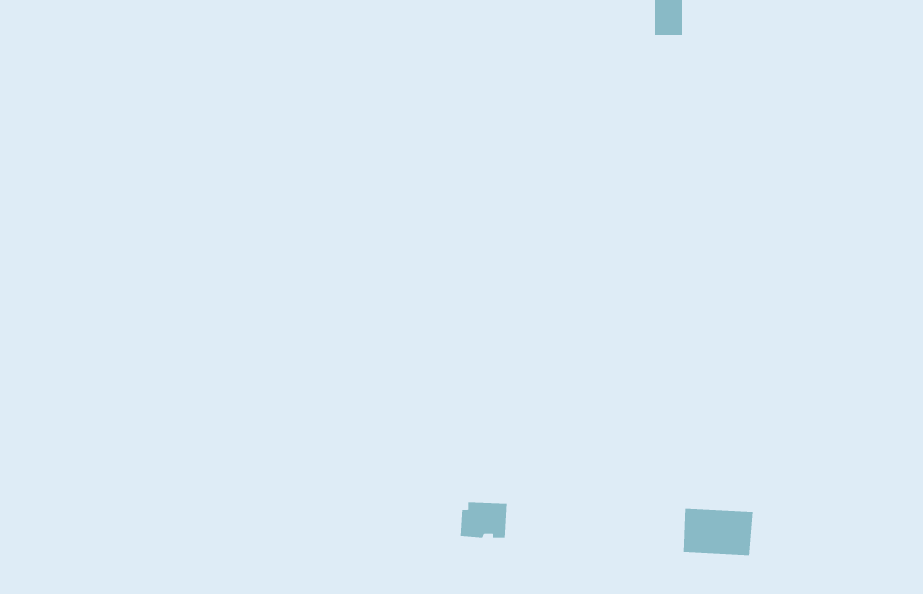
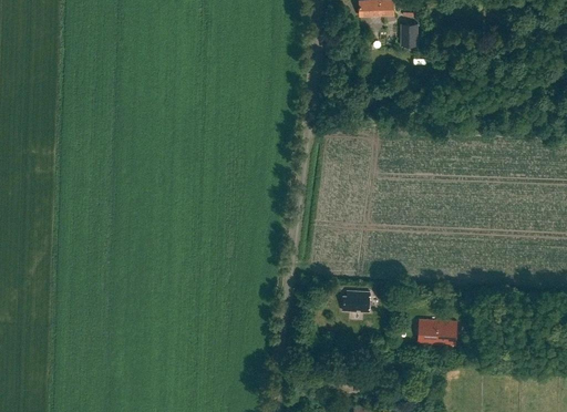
building: [460,502,508,538] -> [342,292,370,313]

